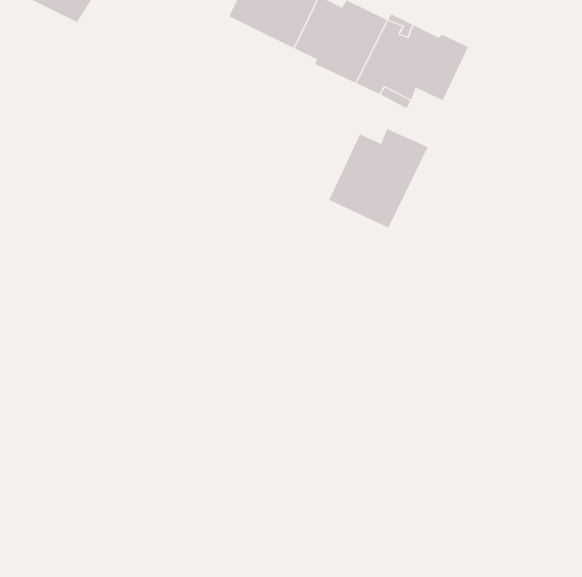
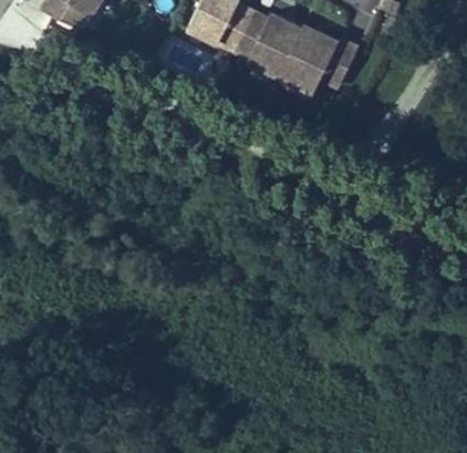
building: [328,128,428,229] -> none

